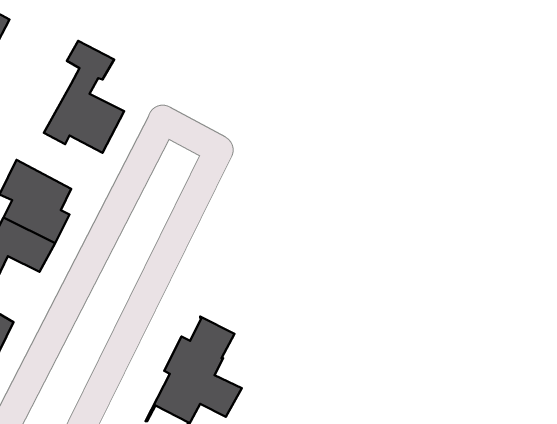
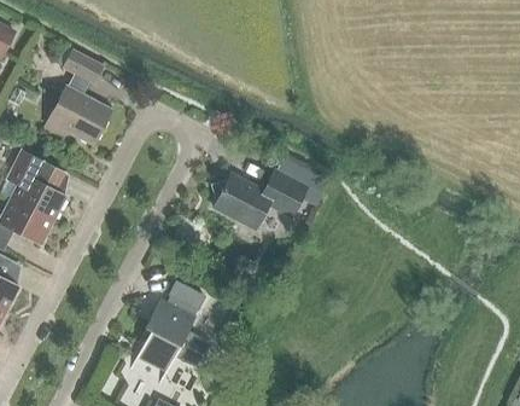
building: none -> [214,168,328,230]

